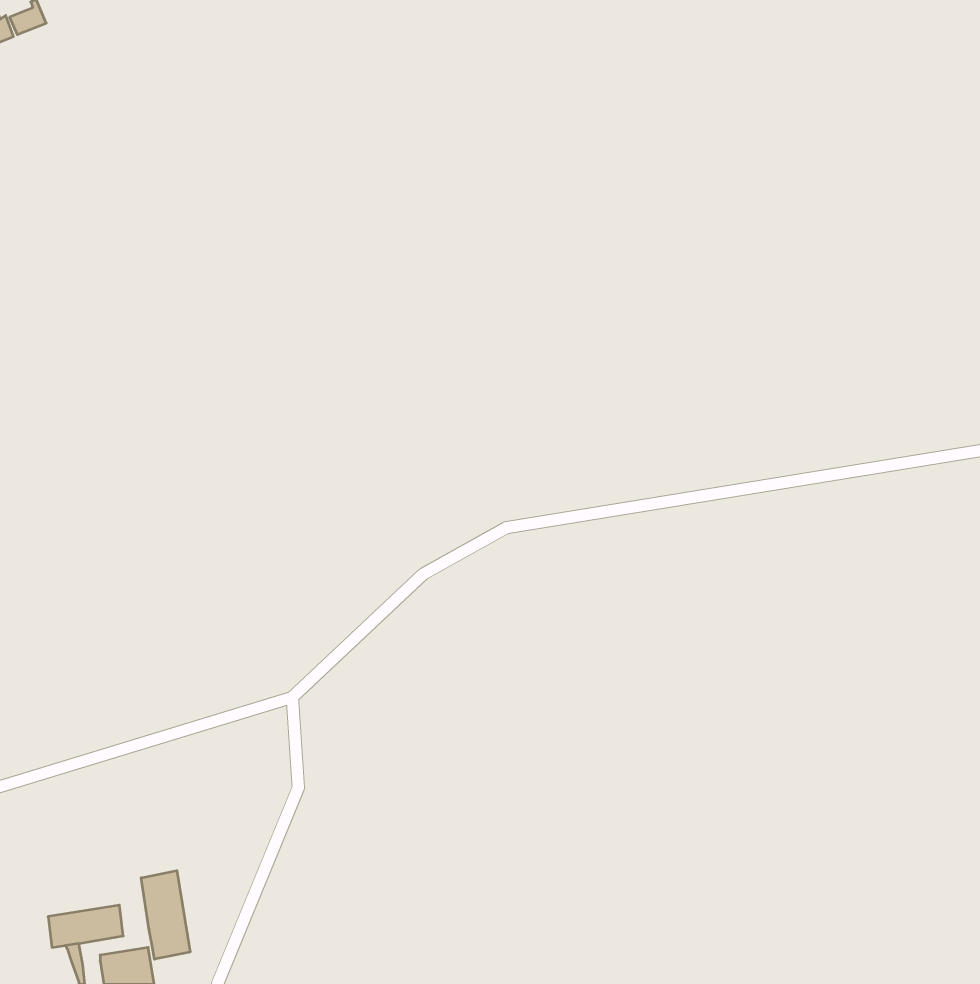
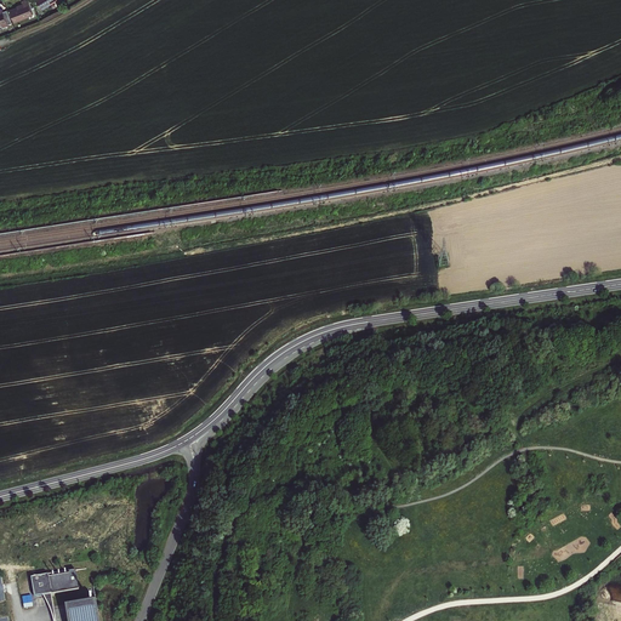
building: [141,871,190,959] -> none

